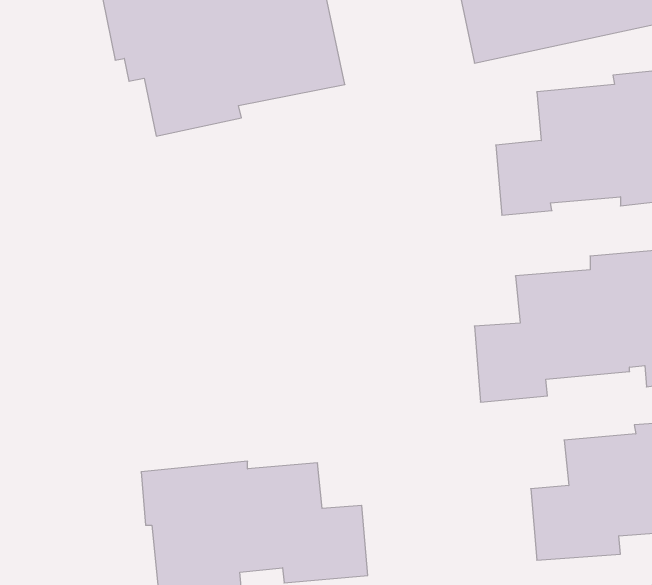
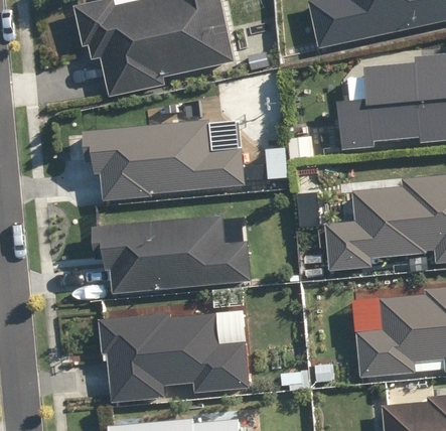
building: none -> [81,120,242,201]
building: none -> [92,217,249,294]

